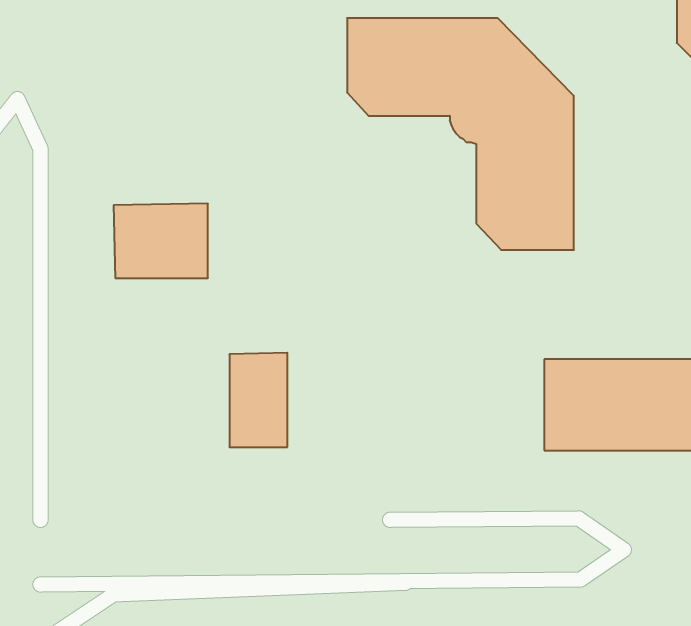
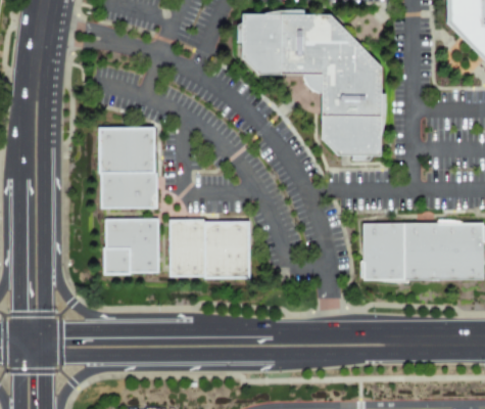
building: none -> [101,173,159,209]
building: none -> [106,219,159,272]
building: none -> [205,221,251,279]

